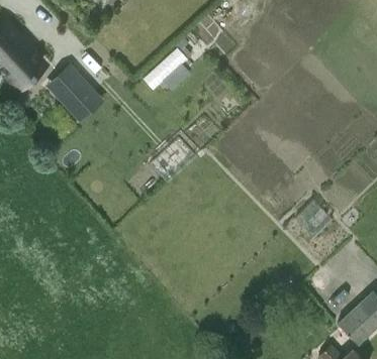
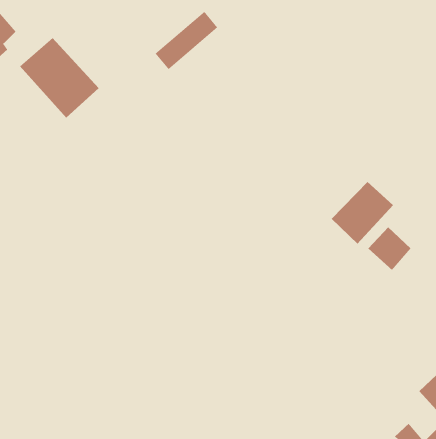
building: none -> [331,181,394,244]

